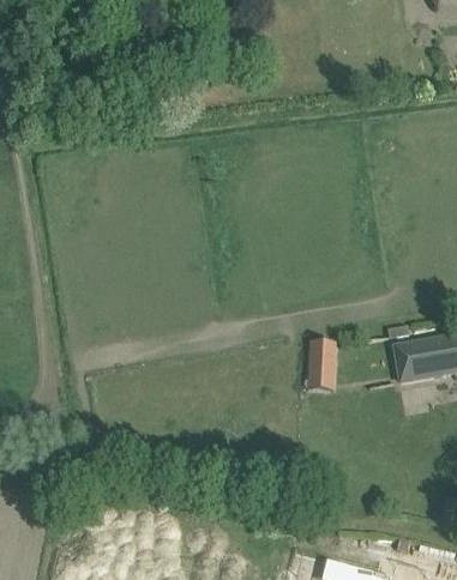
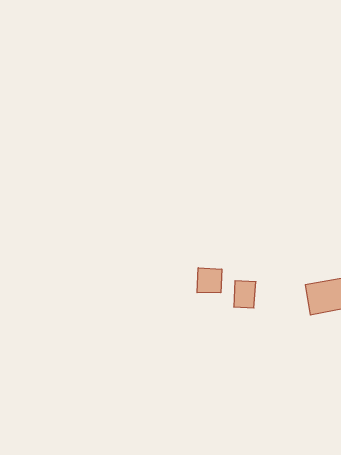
building: none -> [197,268,222,293]

